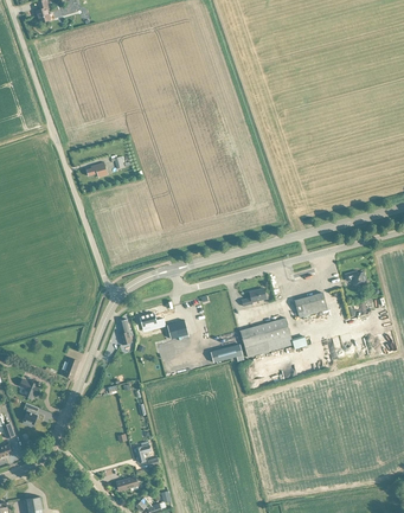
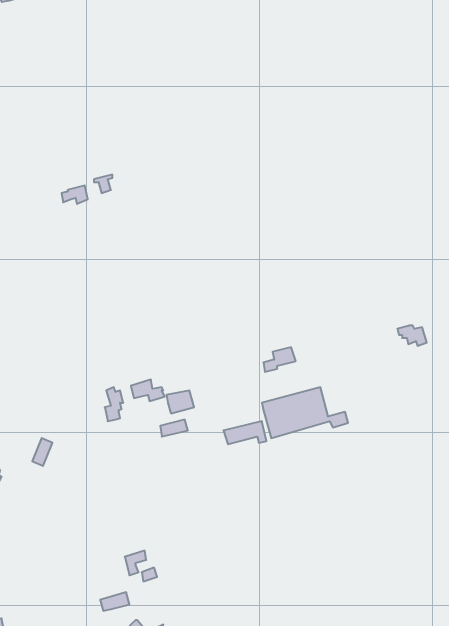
building: [293,291,327,316] -> none

